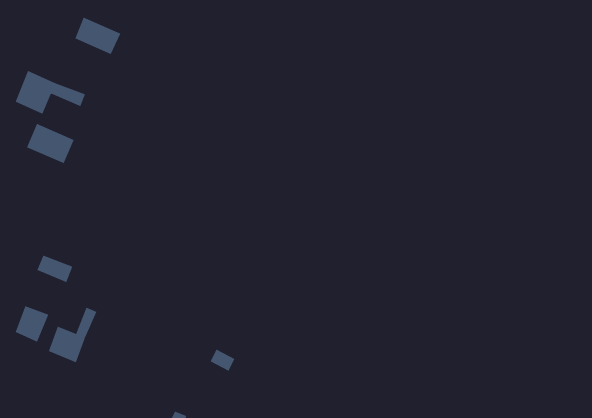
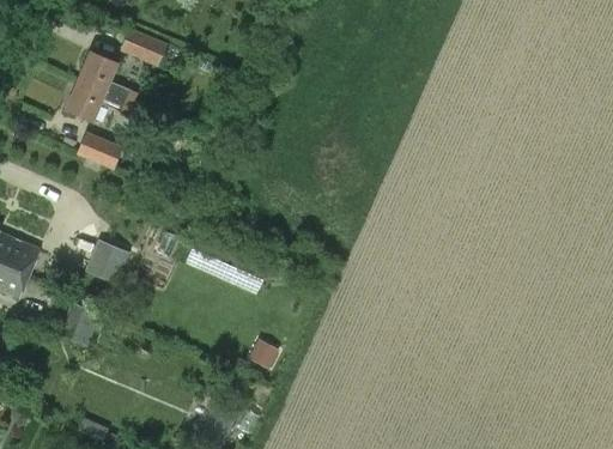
building: none -> [78,49,136,102]
building: [48,307,97,363] -> none

